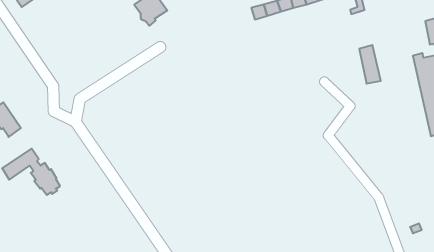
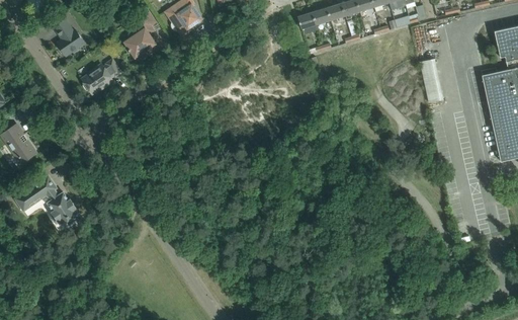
building: none -> [125,12,164,62]
building: none -> [54,19,85,56]
building: none -> [82,60,121,94]

